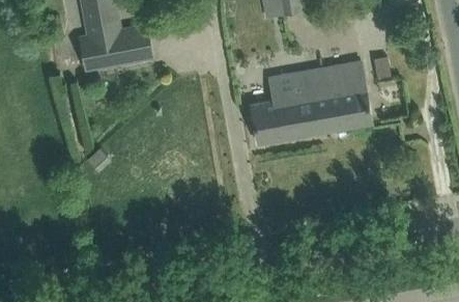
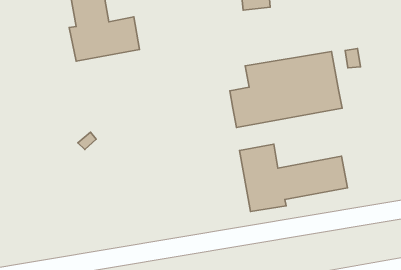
building: none -> [239,144,347,212]

